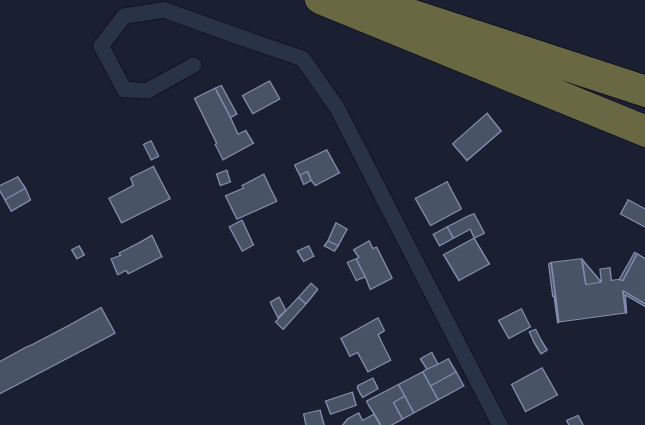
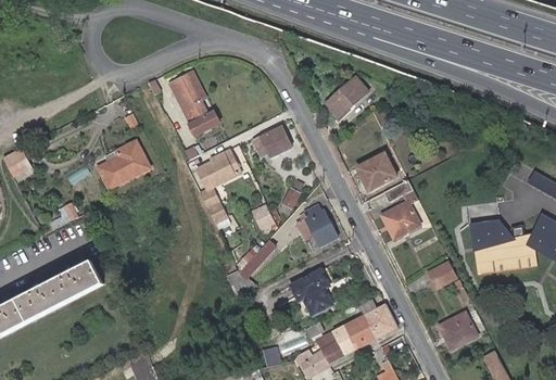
building: [243,81,280,114] -> none
building: [453,113,501,161] -> [326,77,367,117]
building: [111,235,162,275] -> none

